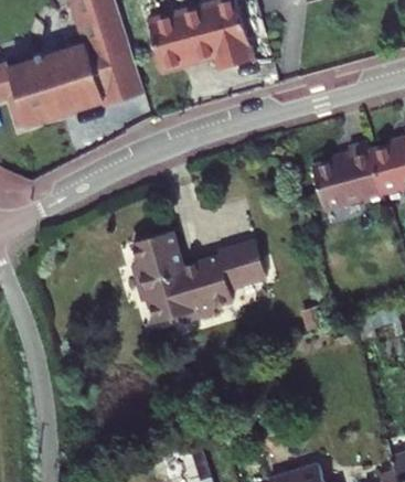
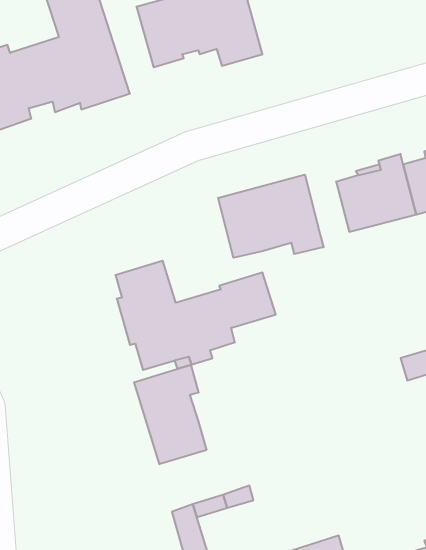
building: none -> [218,175,324,258]
building: none -> [134,365,206,464]

